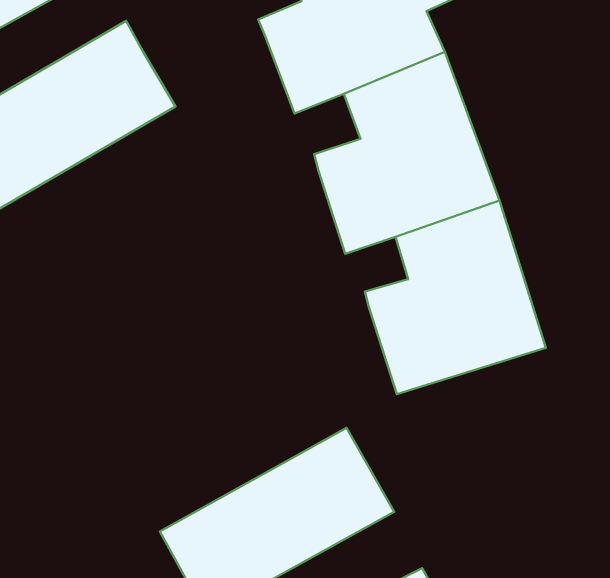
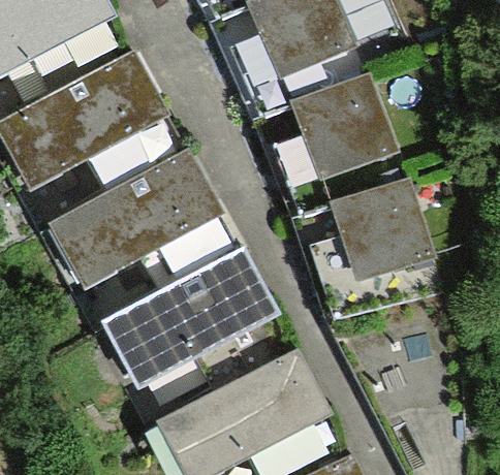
building: none -> [49,148,224,290]
building: none -> [103,249,277,389]

